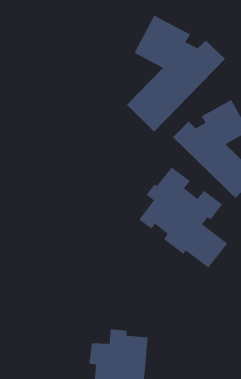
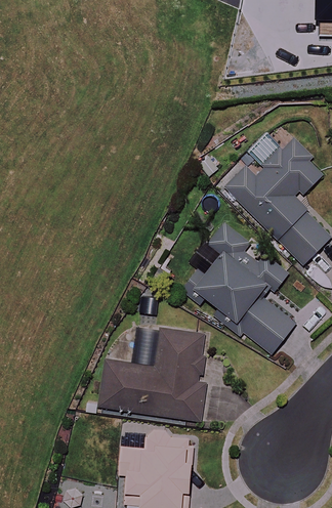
building: [126,14,226,132] -> none
building: none -> [98,326,206,419]

